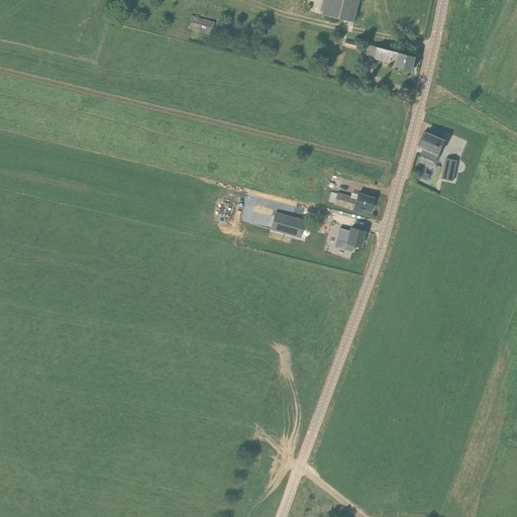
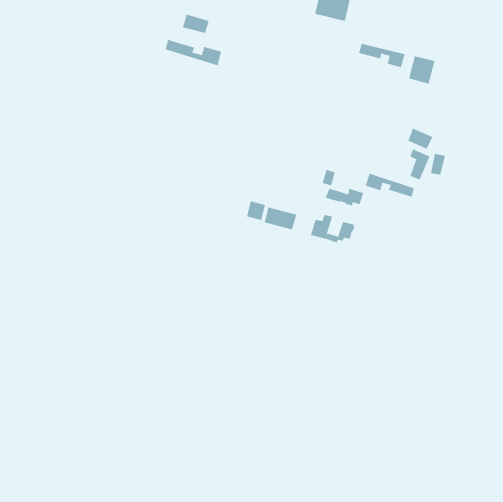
building: none -> [165,39,222,66]
building: none -> [408,56,435,85]
building: none -> [365,173,414,198]

